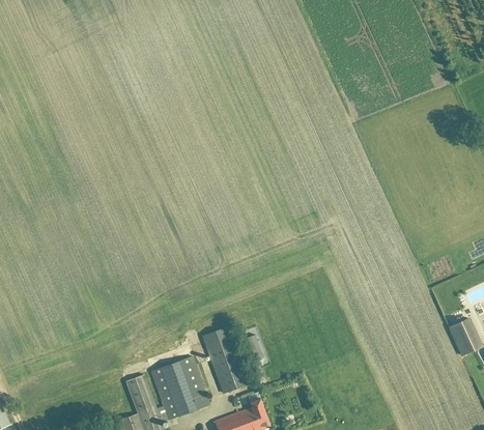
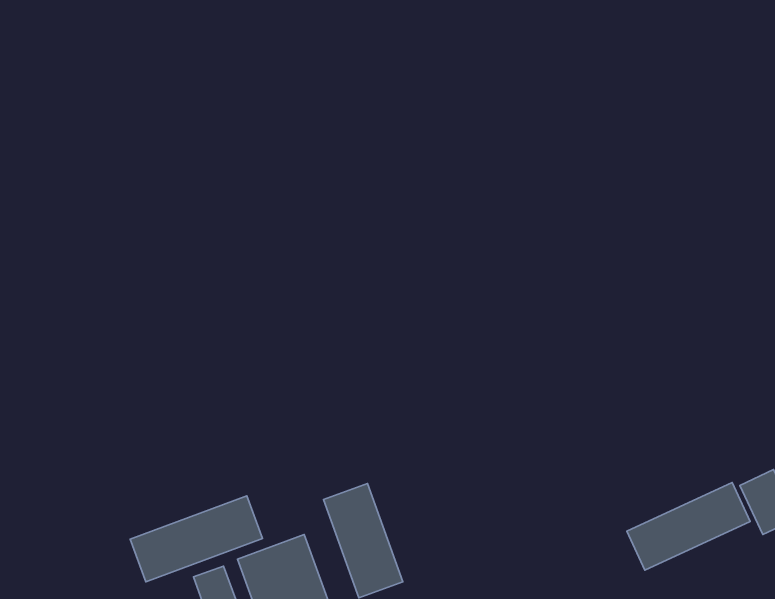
building: none -> [627,482,750,570]
building: none -> [130,496,262,582]

